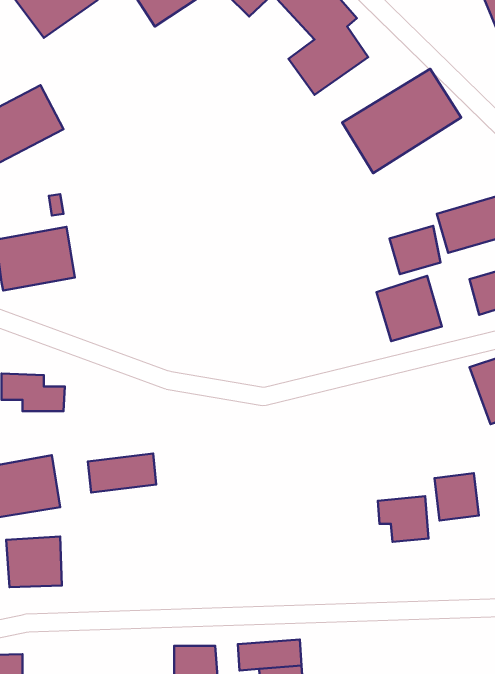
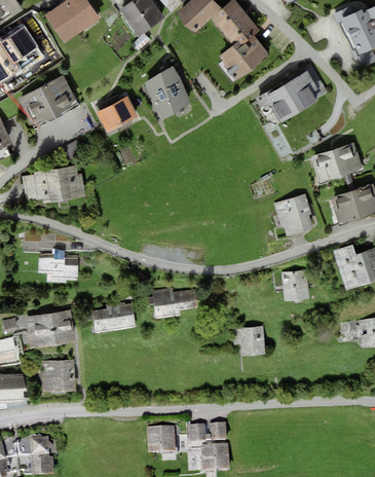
building: none -> [144,70,192,119]
building: none -> [96,95,138,132]
building: [389,226,440,274] -> none
building: none -> [154,291,195,318]
building: [435,473,479,520] -> [282,269,309,299]
building: [378,496,428,542] -> [233,326,265,355]

